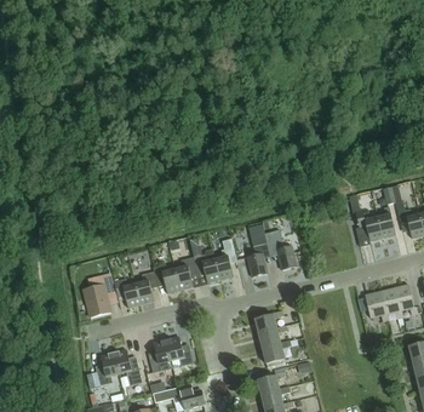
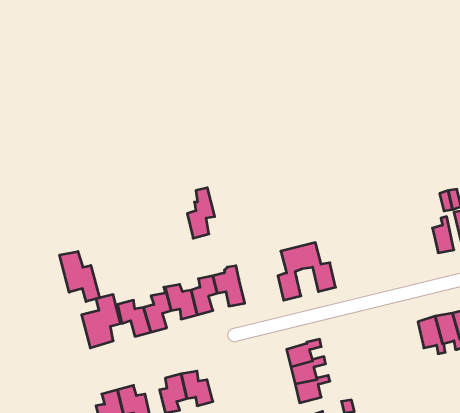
building: [349,195,382,241] -> none
building: none -> [60,251,99,302]
building: [214,238,237,280] -> [187,188,215,238]

